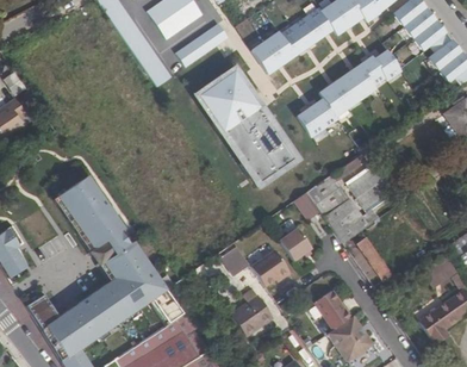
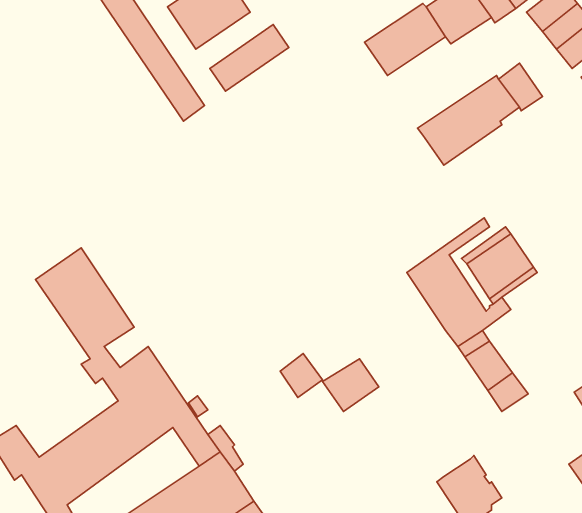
building: [251,32,295,76] -> none
building: [192,66,303,193] -> none
building: [293,98,335,138] -> none
building: [280,226,312,260] -> none
building: [316,290,351,329] -> none
building: [231,297,272,336] -> none

